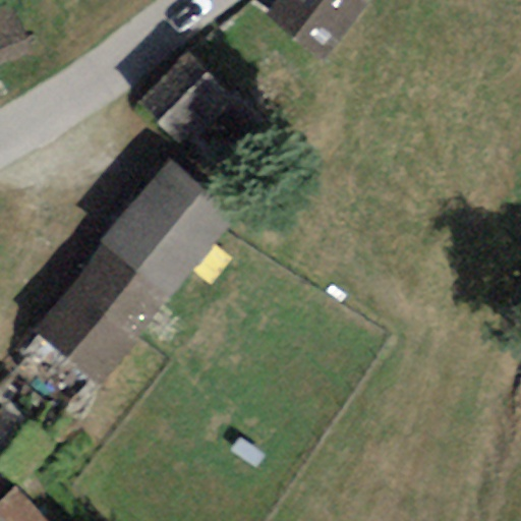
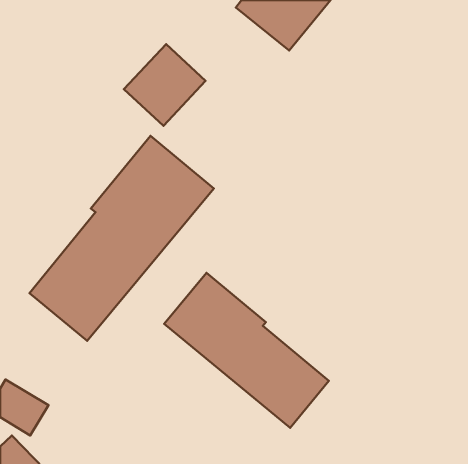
building: none -> [164,273,329,428]

